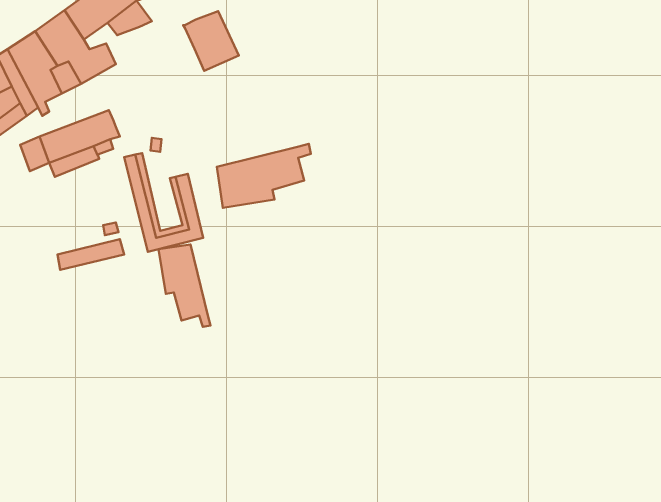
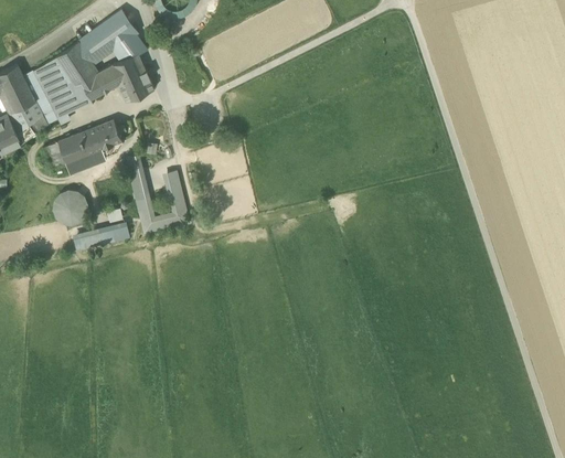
building: [183,11,239,71] -> [110,54,154,102]
building: [217,144,311,208] -> none
building: none -> [53,191,87,224]
building: [158,245,211,327] -> none

